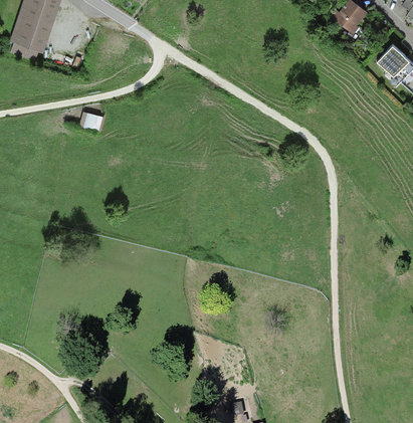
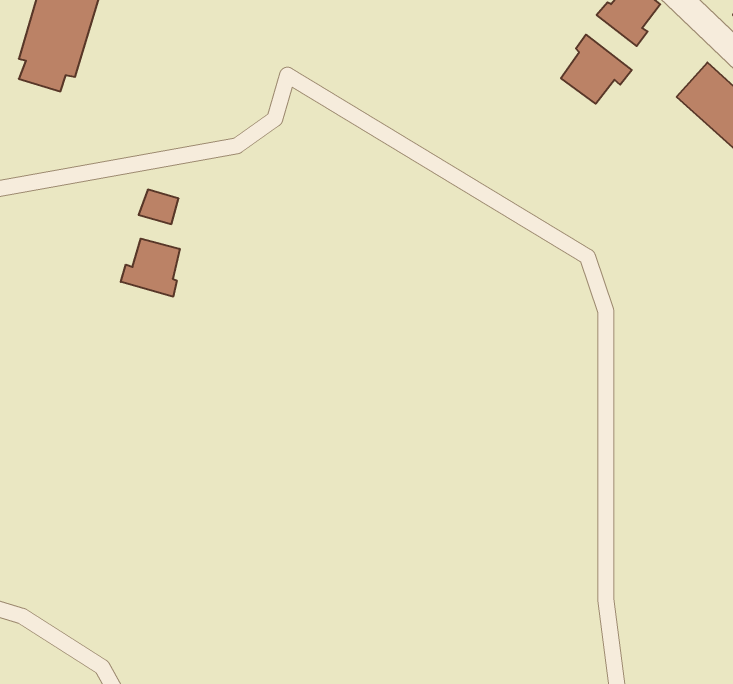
building: none -> [561,35,632,104]
building: none -> [121,239,180,297]

